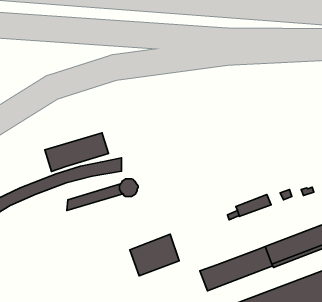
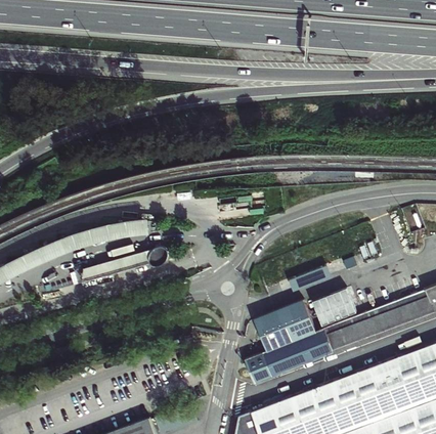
building: [45,133,108,172] -> none
building: none -> [314,289,358,327]
building: [130,234,179,276] -> [256,299,316,350]

